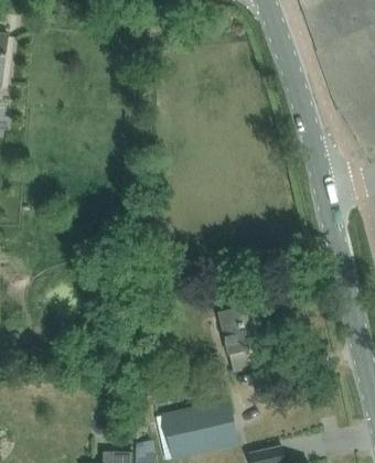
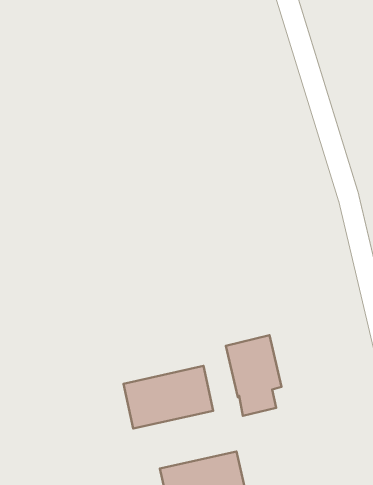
building: none -> [123,366,213,429]

